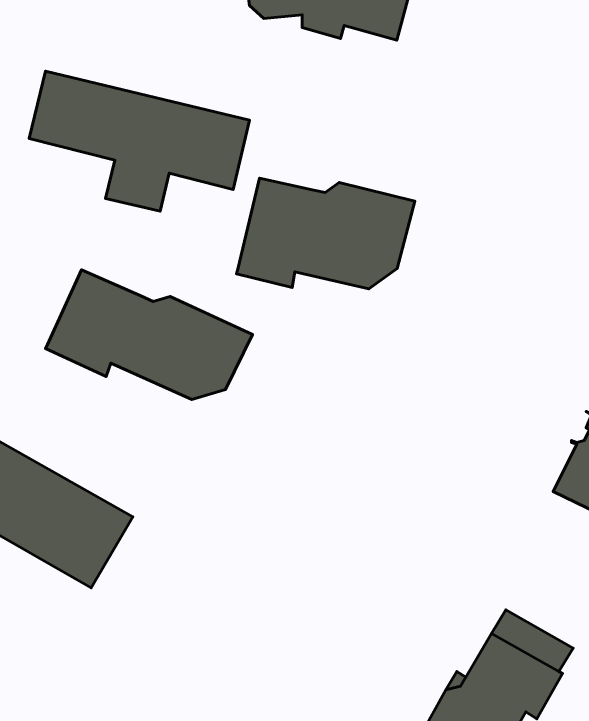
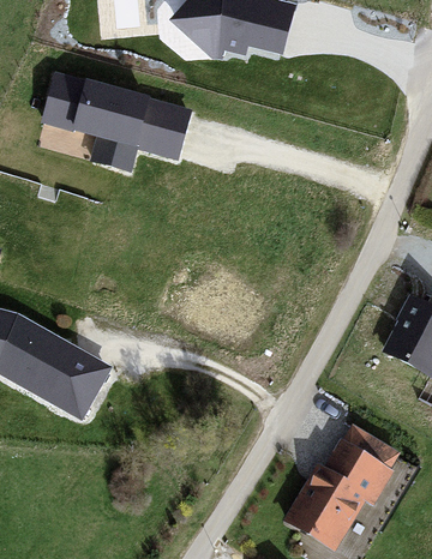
building: [236,178,415,289] -> none
building: [46,270,252,400] -> none

